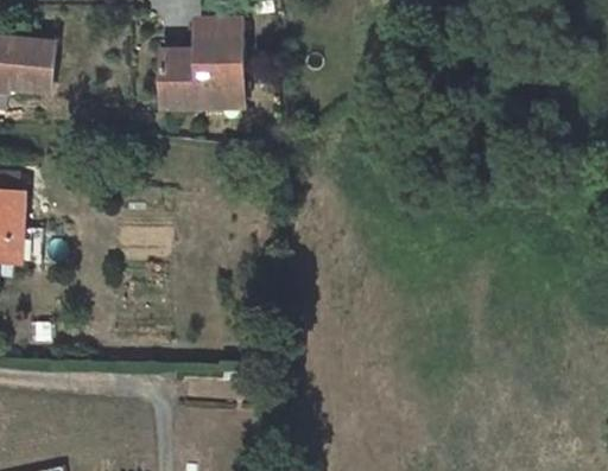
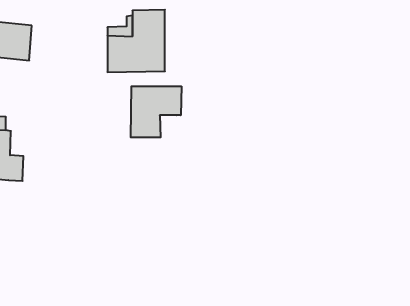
building: none -> [131,86,181,137]

